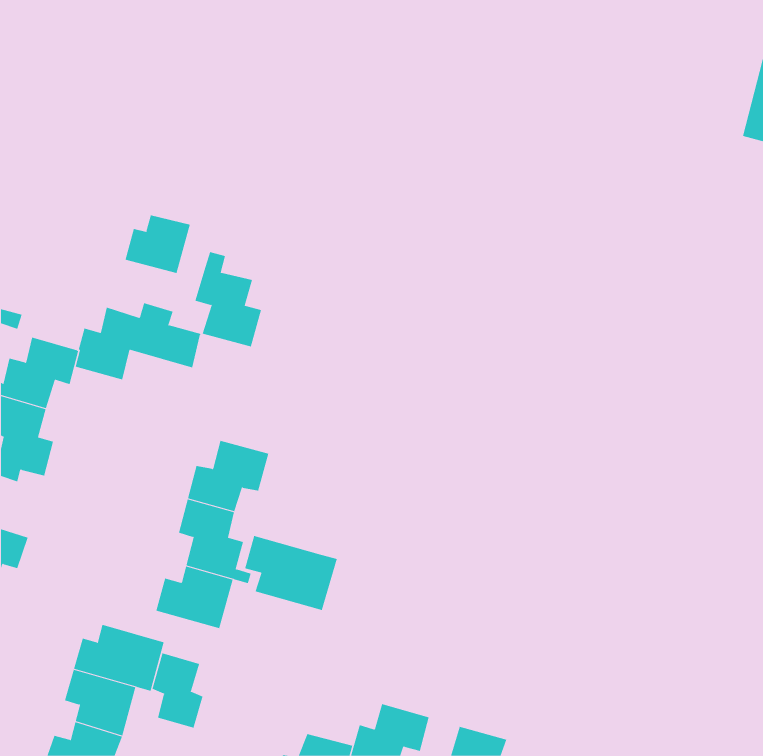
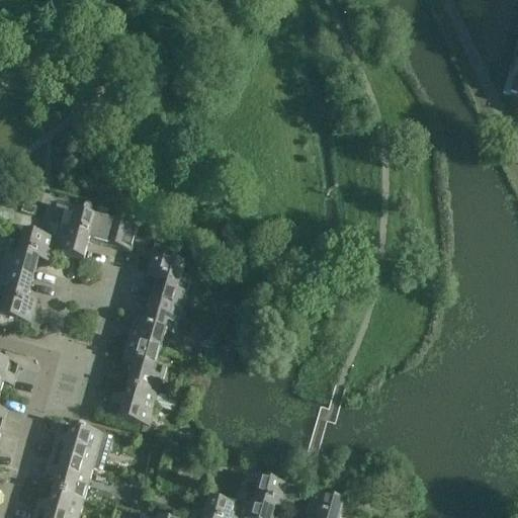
building: [125,215,191,274] -> none
building: [194,252,262,347] -> [145,242,190,307]
building: [245,535,337,611] -> none
building: [152,652,203,728] -> none

